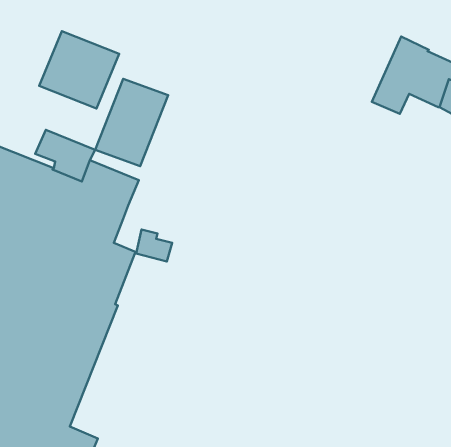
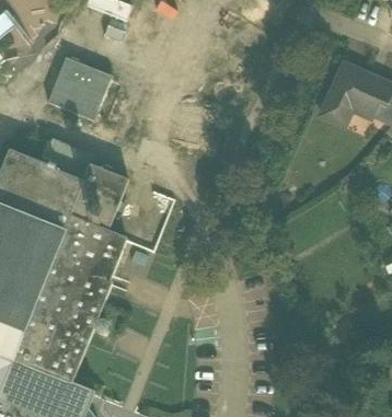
building: [95,79,168,166] -> none

